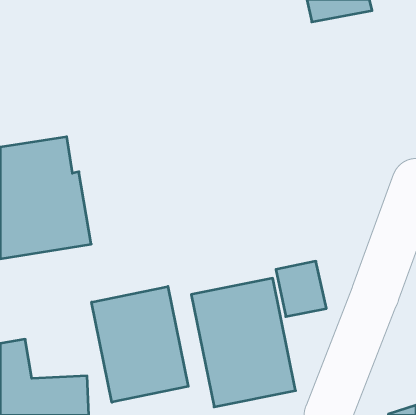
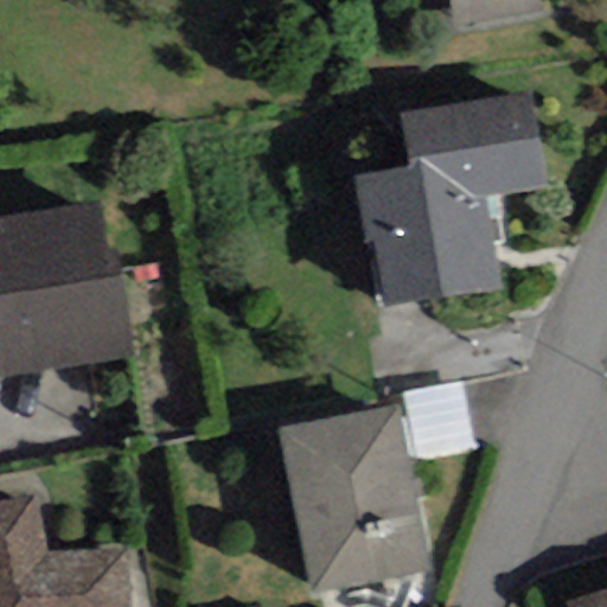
building: none -> [352,90,547,307]
building: [92,286,188,402] -> none

